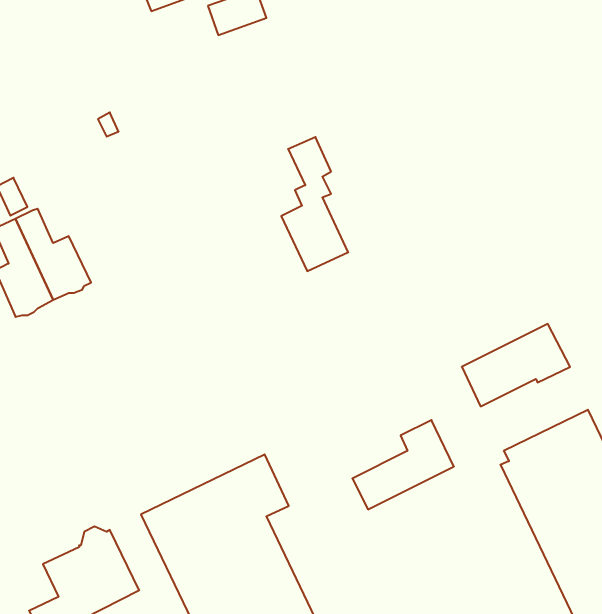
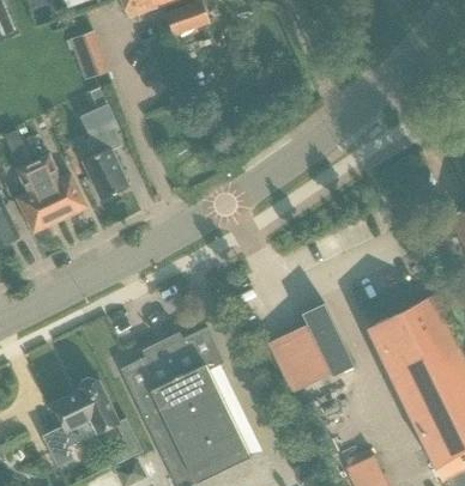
building: none -> [68,31,108,79]
building: [281,137,348,271] -> [81,105,128,199]
building: [462,324,570,406] -> [278,334,354,391]

